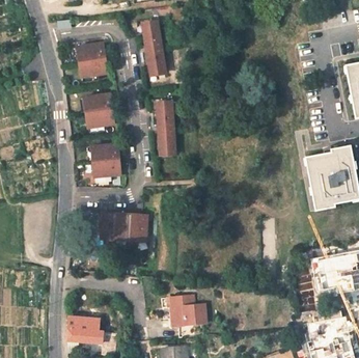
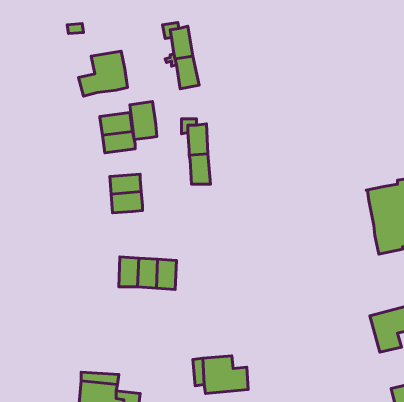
building: none -> [130,101,157,140]

